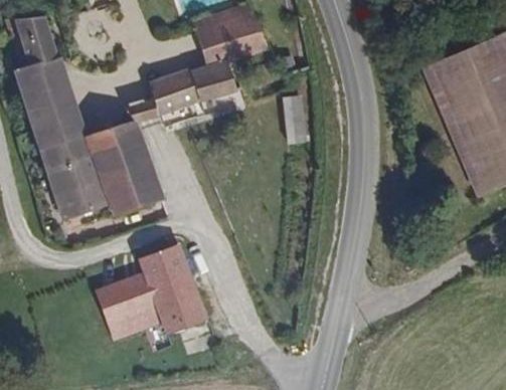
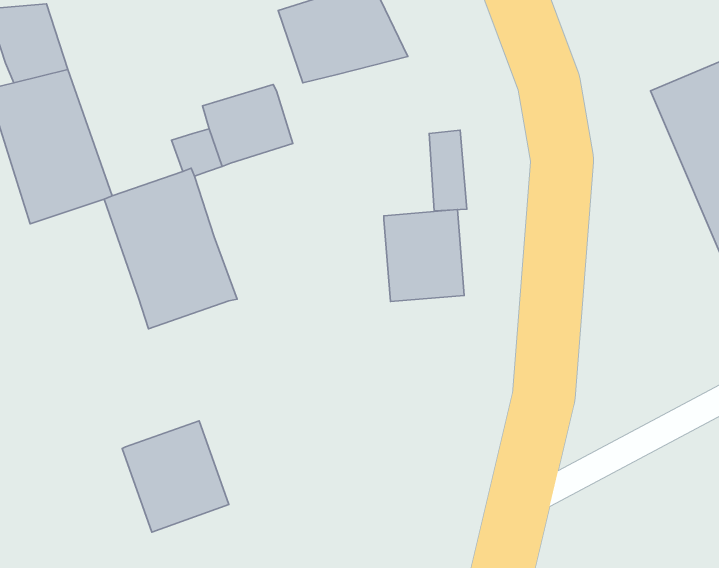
building: [190,61,238,104] -> none
building: [39,138,106,214] -> none
building: none -> [384,210,464,302]
building: [138,244,208,337] -> none

